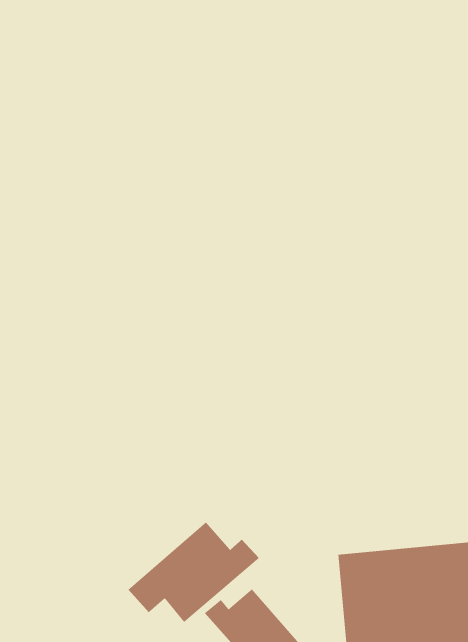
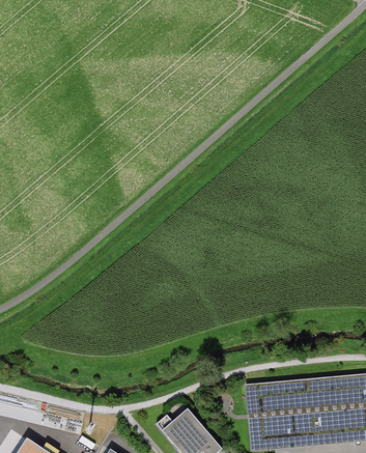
building: [127,521,260,623] -> none

